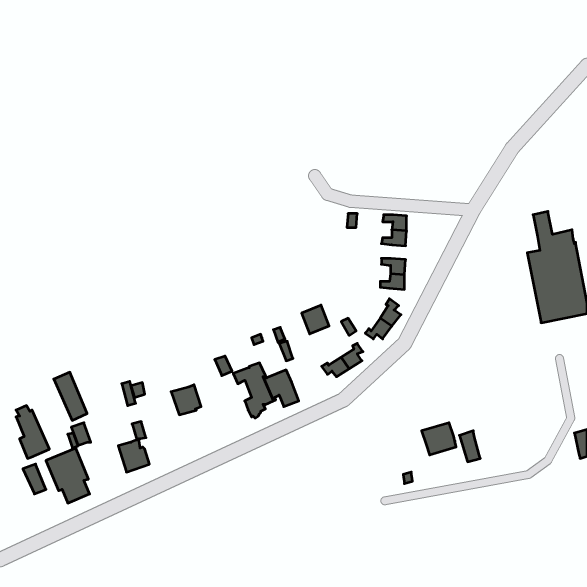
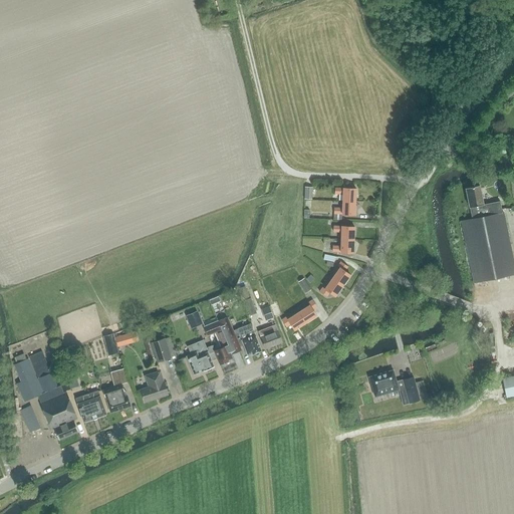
building: [302,305,329,334] -> [258,324,282,349]
building: [54,372,87,420] -> [28,350,57,393]
building: none -> [186,339,217,374]
building: none -> [141,370,168,402]
building: none -> [75,389,106,422]

